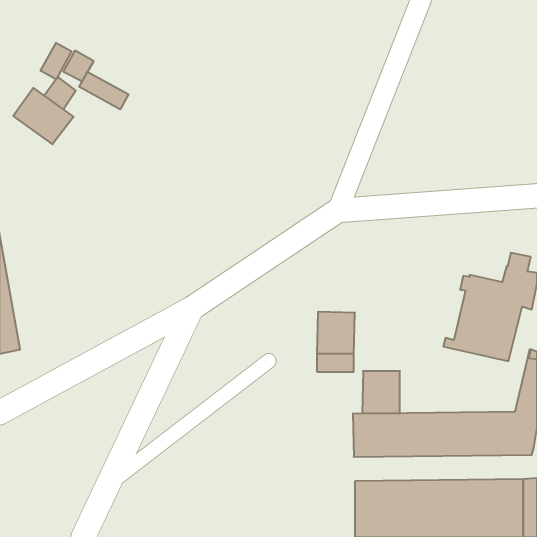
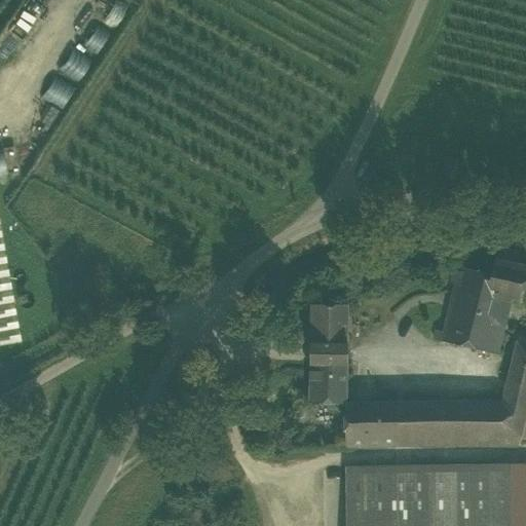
building: [41,43,72,79] -> none
building: [79,72,128,109] -> none
building: [13,88,74,144] -> none
building: [362,371,400,413] -> [308,363,345,404]

